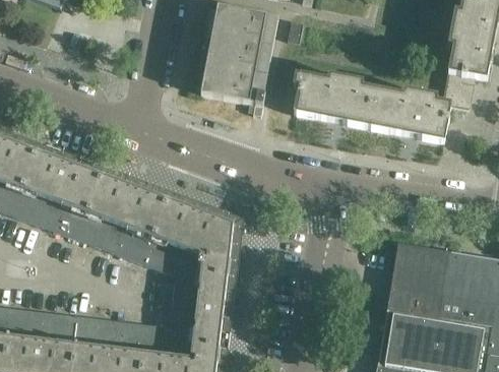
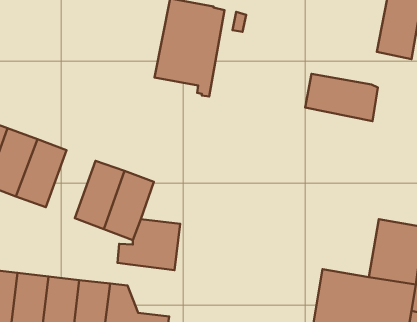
building: [443,64,488,107] -> none
building: [294,73,376,126] -> none
building: [78,174,134,250] -> none
building: [185,209,233,256] -> none
building: [388,243,451,316] -> none
building: [170,302,223,360] -> none

